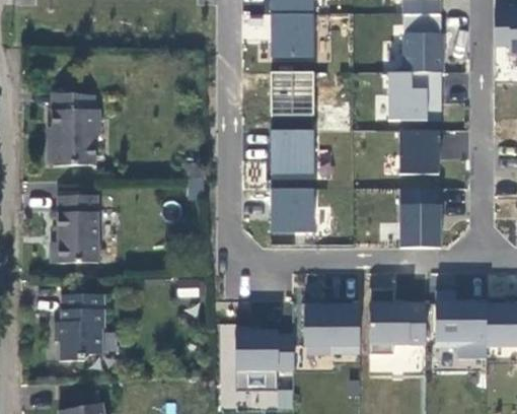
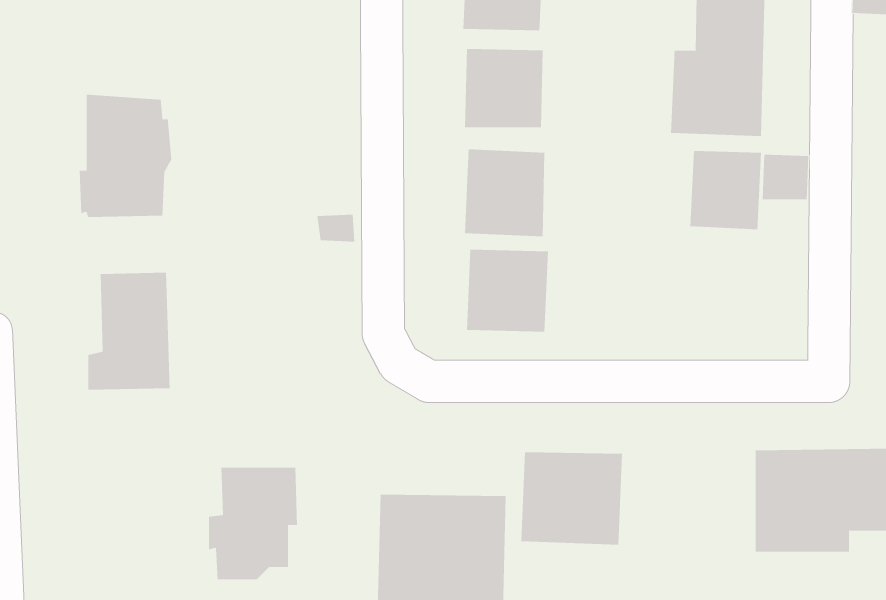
building: [397,200,443,247] -> none
building: [54,296,105,361] -> [208,467,298,580]
building: [368,299,426,373] -> none

